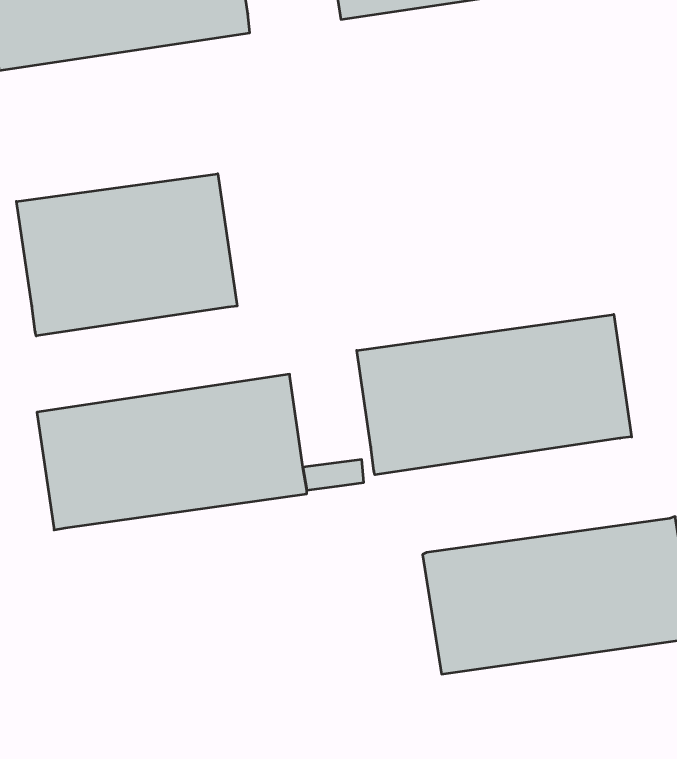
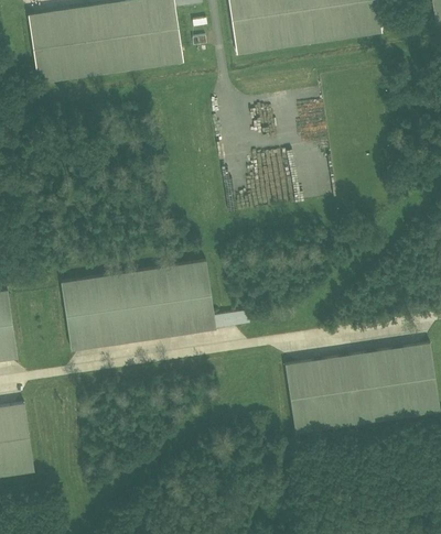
building: [16,174,237,336] -> none
building: [357,314,632,475] -> none

